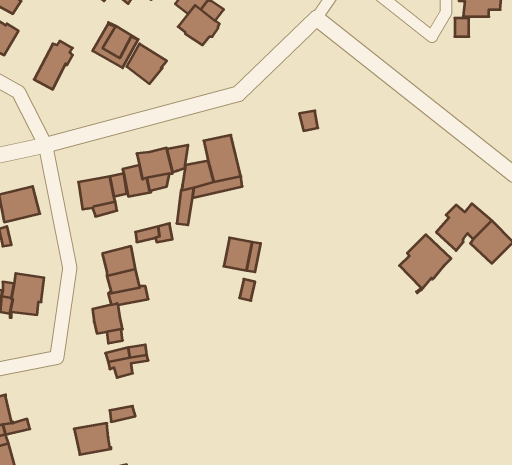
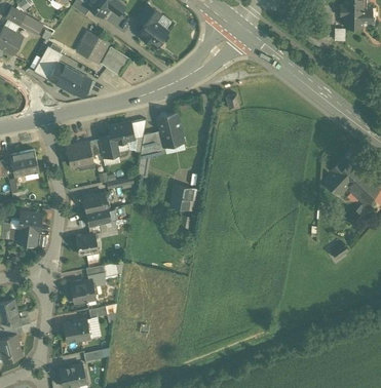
building: none -> [47,61,91,98]
building: [399,235,451,293] -> none
building: none -> [70,279,96,303]

